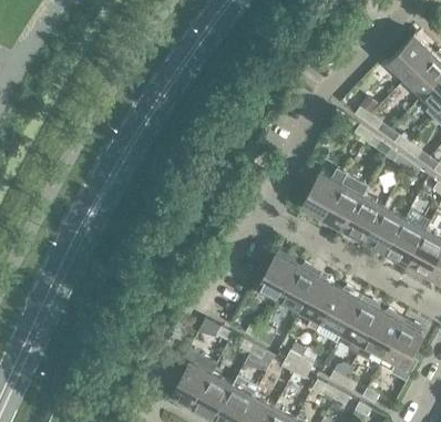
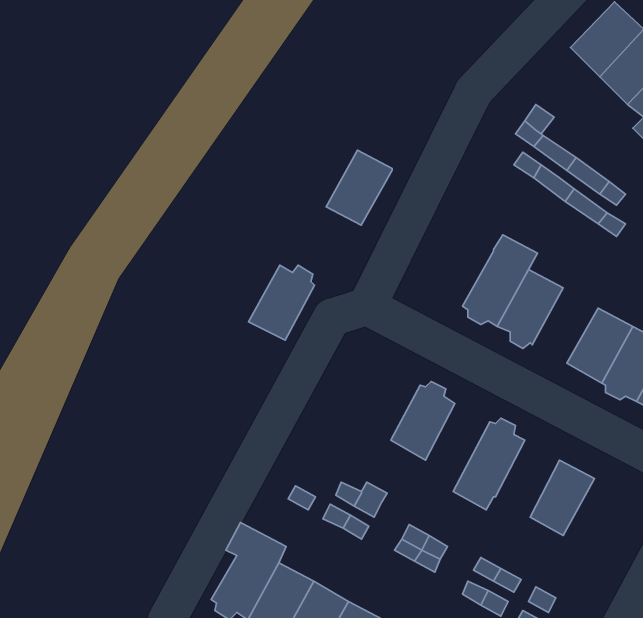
building: [302,174,342,219] -> [326,150,392,225]
building: [366,208,406,254] -> none
building: [258,255,298,300] -> [249,265,315,340]
building: [301,278,340,331] -> none
building: [343,300,382,356] -> none
building: [384,323,425,381] -> none

